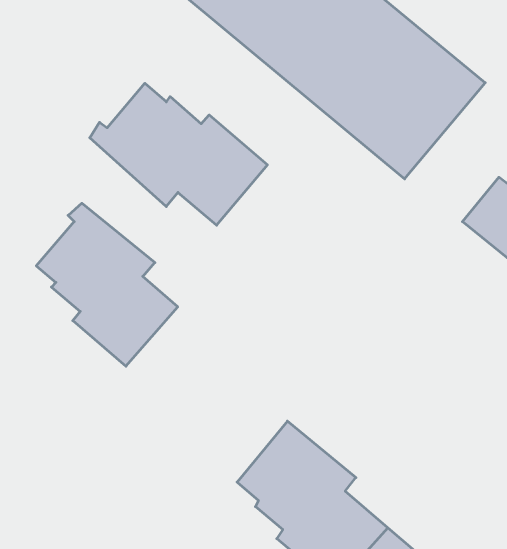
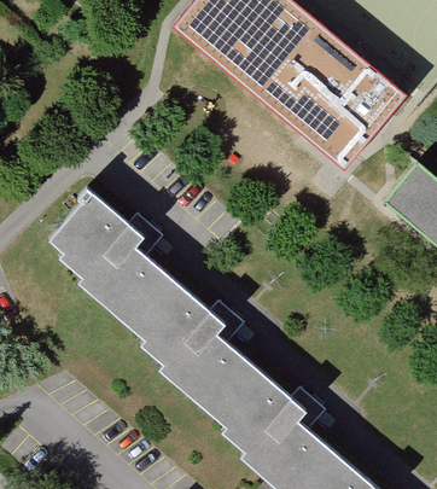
building: [90,83,267,225] -> none
building: none -> [123,273,251,412]

